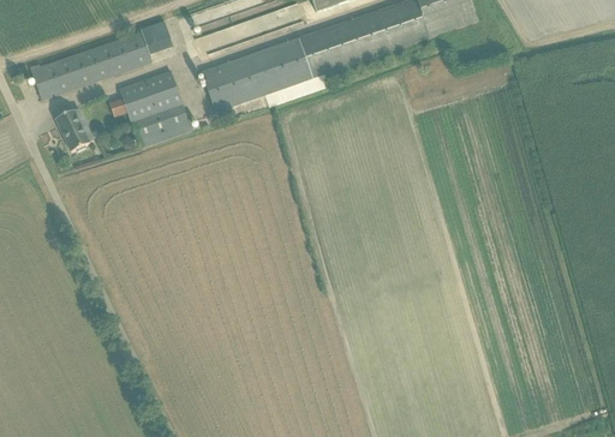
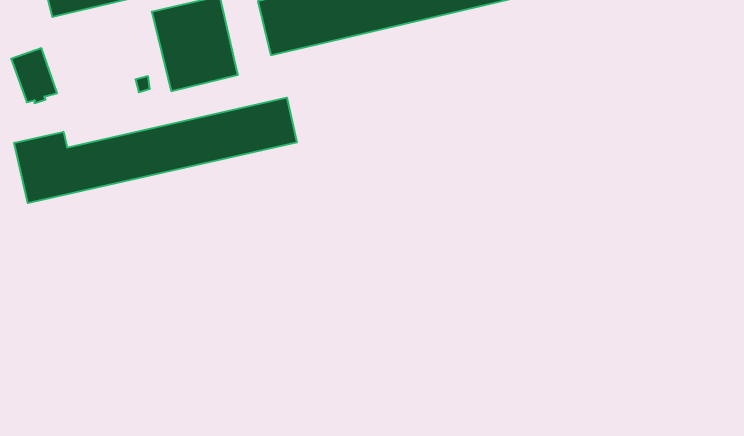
building: [55,107,94,150] -> [11,48,57,103]
building: none -> [14,98,297,203]

